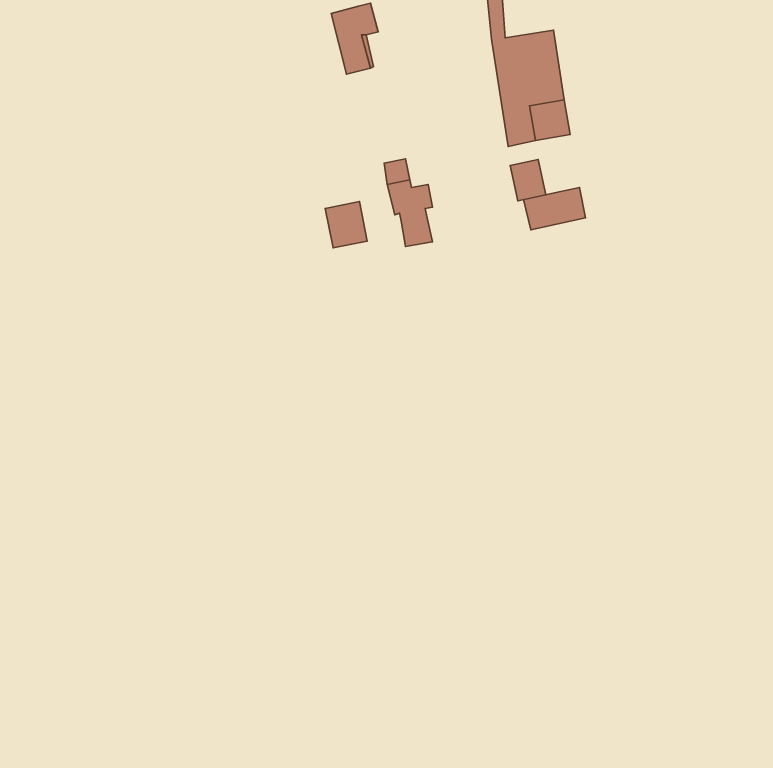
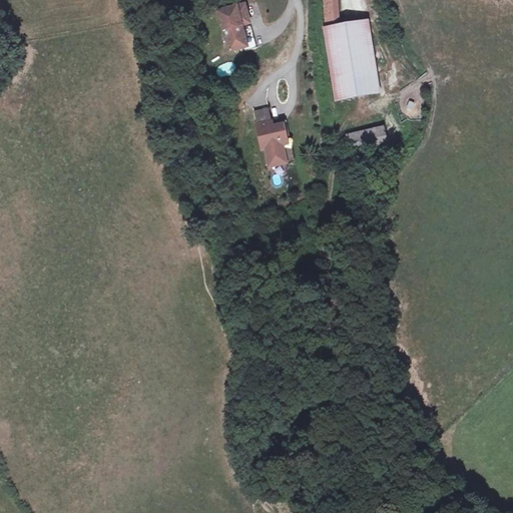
building: [510,160,546,201] -> none
building: [325,202,367,248] -> none

